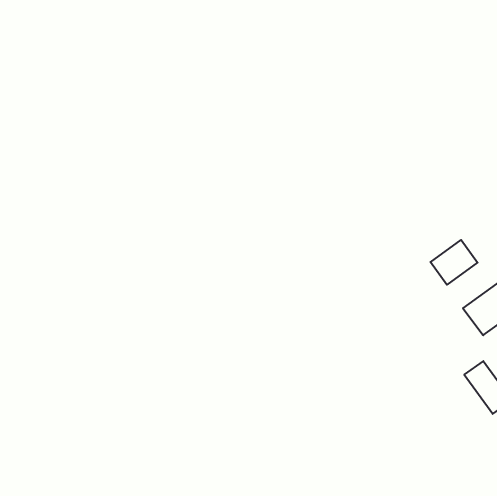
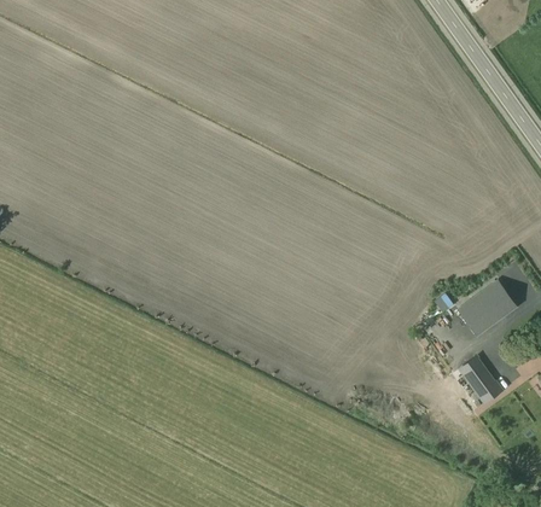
building: [430,240,478,285] -> none

